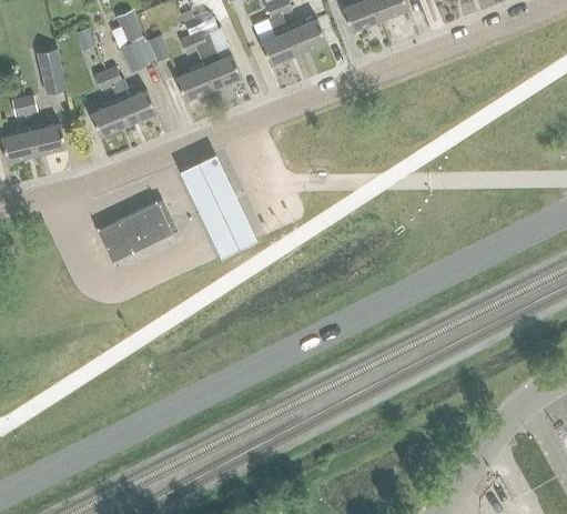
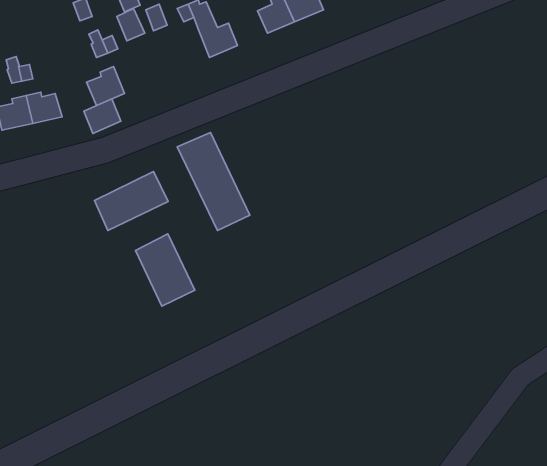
building: [38,48,67,94] -> none
building: [175,60,212,99] -> none
building: [119,89,155,123] -> [84,99,121,134]
building: none -> [135,234,195,306]

